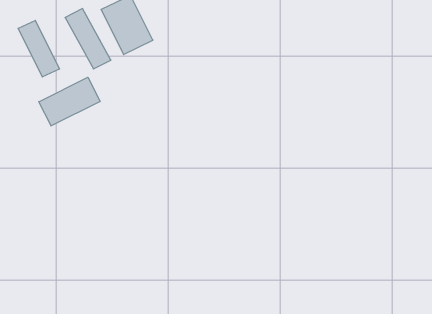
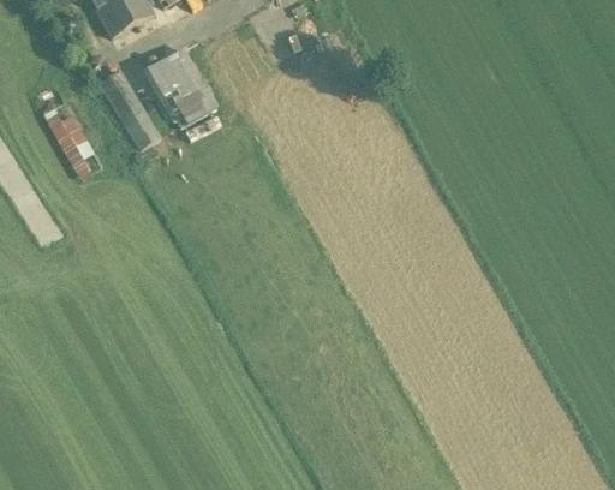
building: [39,77,100,126] -> none

